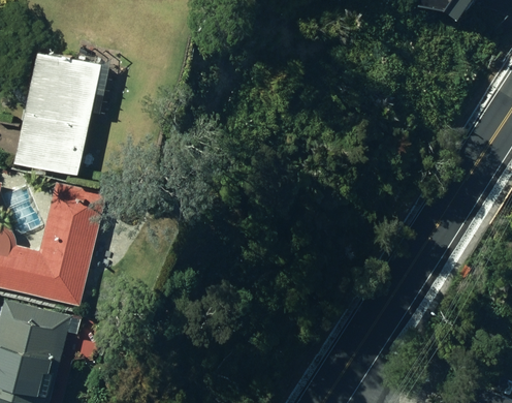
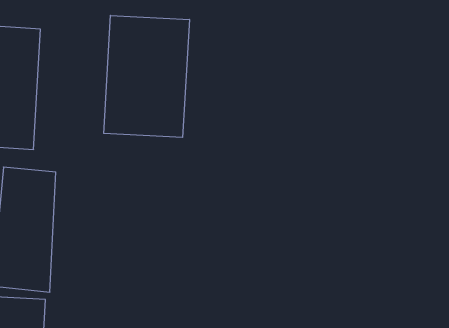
building: none -> [104,15,189,137]

